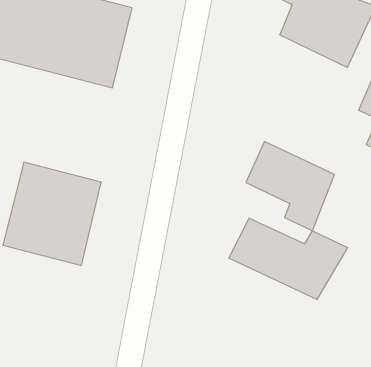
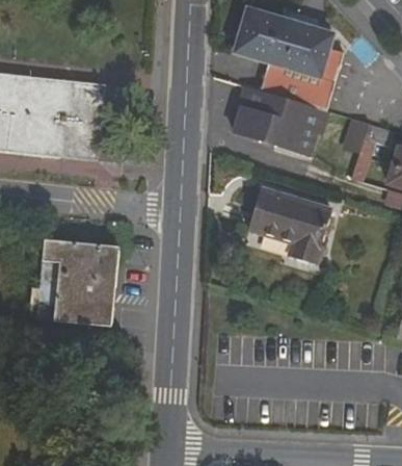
building: none -> [233,85,328,154]
building: [229,218,348,300] -> none

